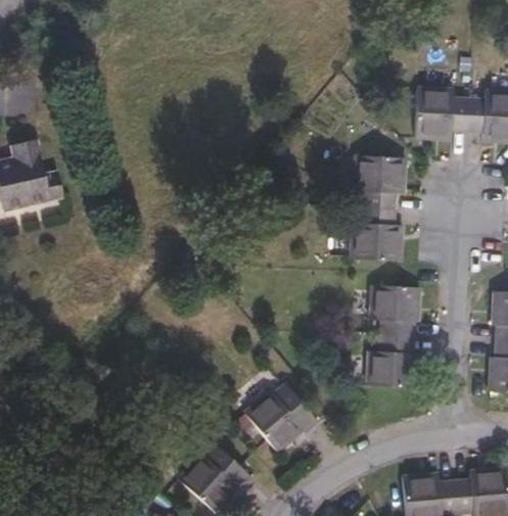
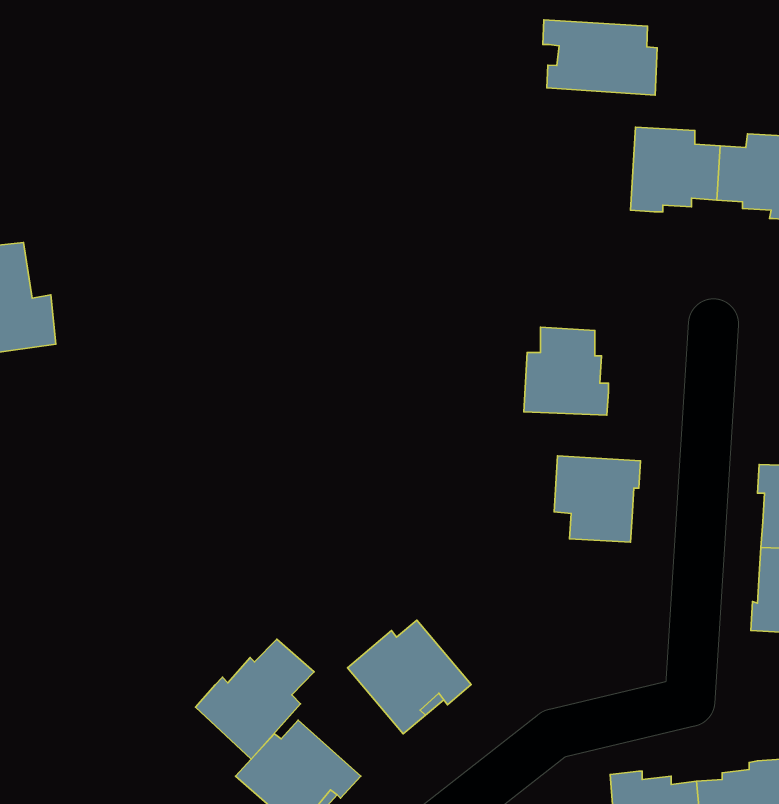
building: none -> [543,20,657,95]
building: [353,155,405,209] -> none
building: [364,335,416,387] -> none
building: none -> [195,639,314,759]

